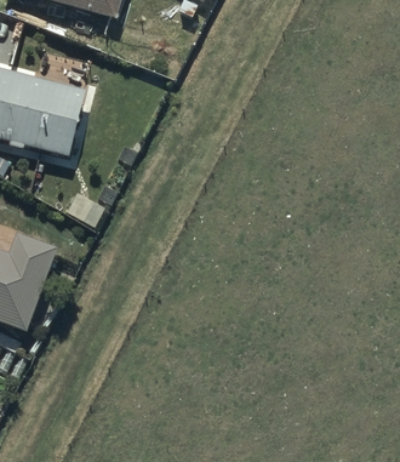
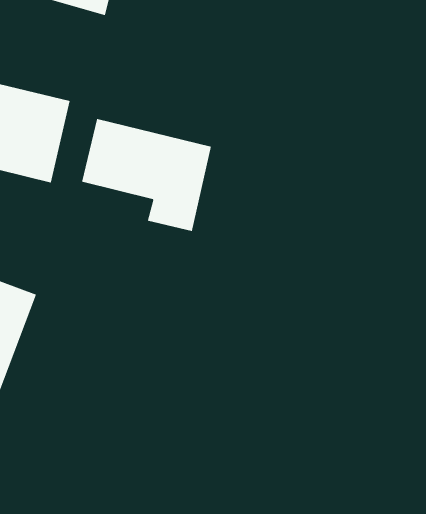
building: none -> [82,118,211,232]

